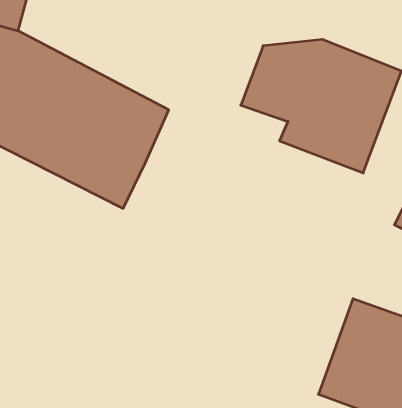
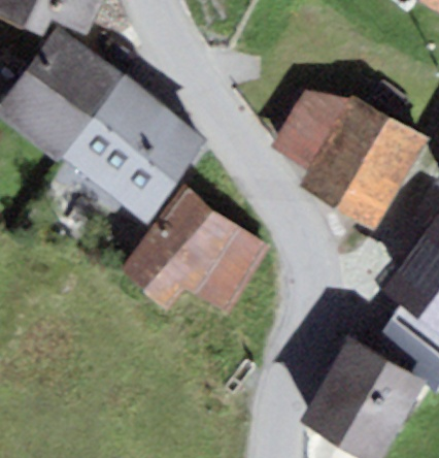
building: none -> [119,186,269,315]

